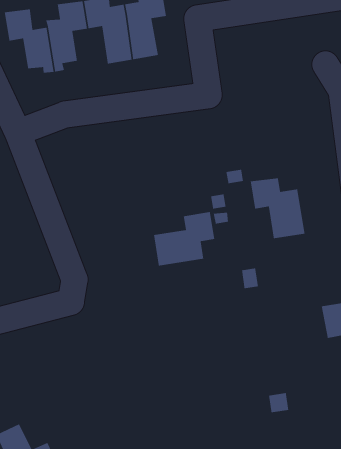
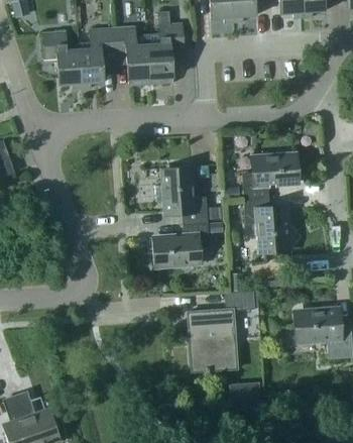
building: none -> [241,154,296,198]
building: none -> [162,170,207,223]
building: none -> [186,293,251,372]

